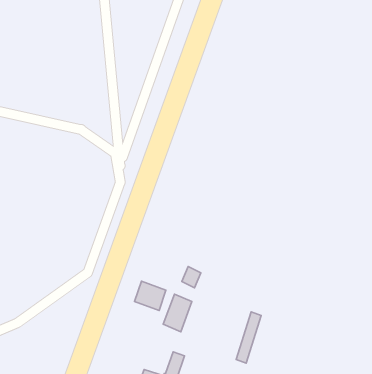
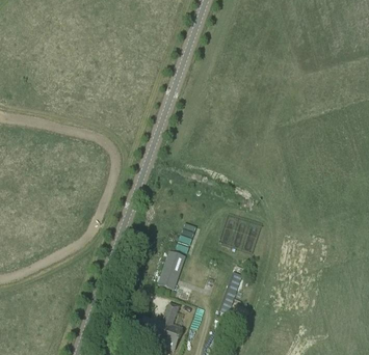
building: [135,281,166,311] -> none

